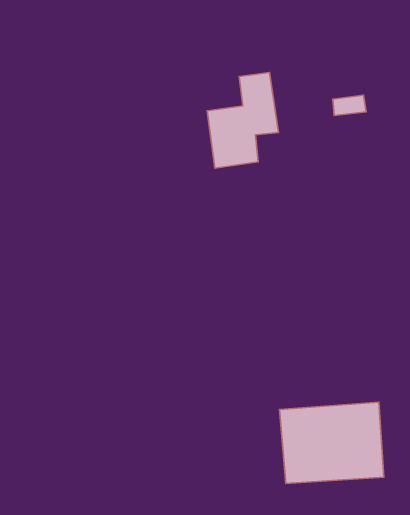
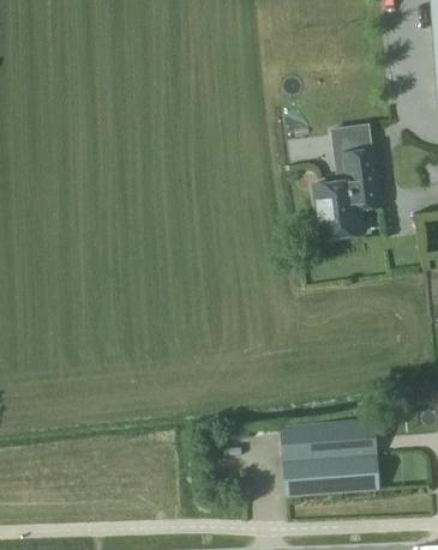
building: [207,73,279,168] -> [314,147,382,237]

